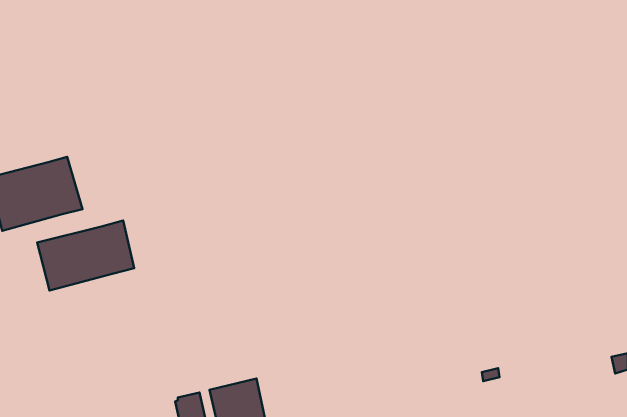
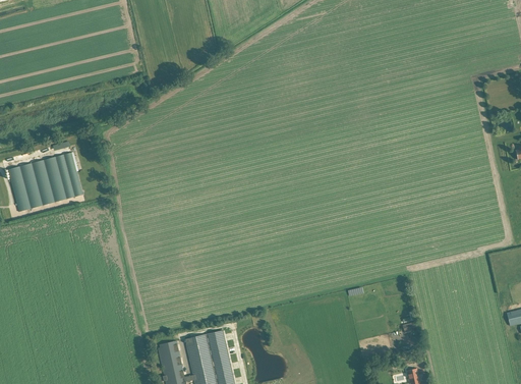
building: [37,221,134,291] -> none

